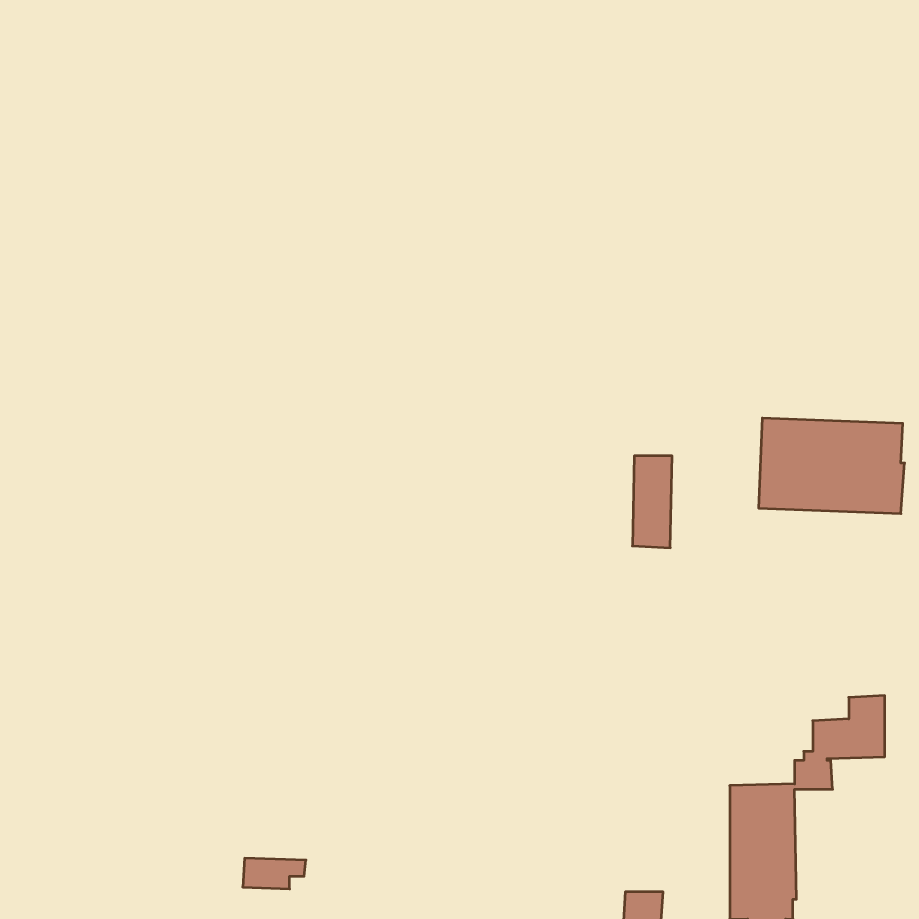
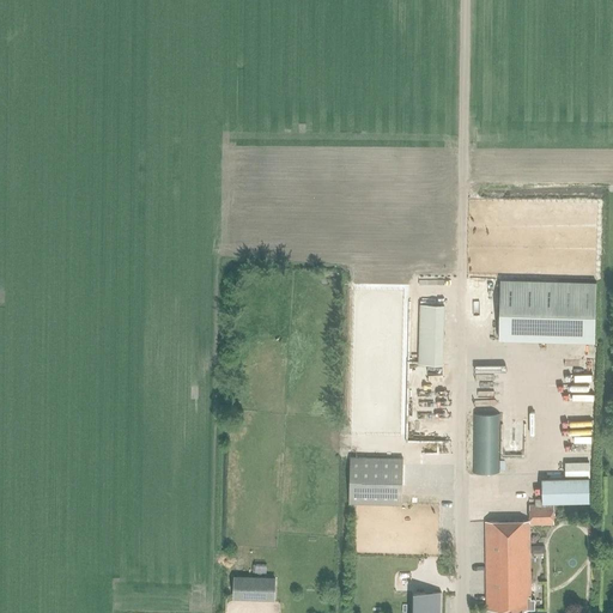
building: none -> [472,415,499,475]
building: none -> [348,459,402,505]
building: [243,858,306,889] -> [232,578,274,599]

